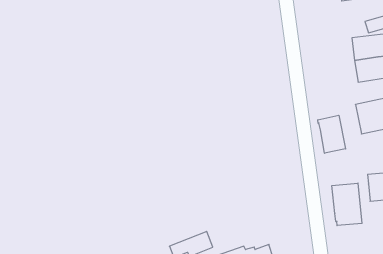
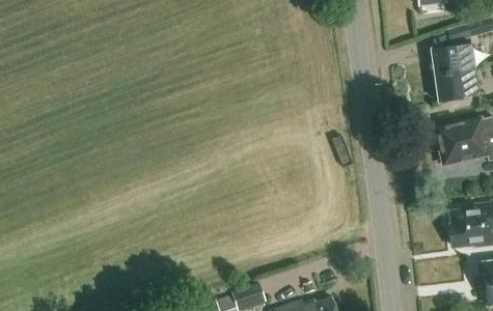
building: [318,115,346,153] -> none
building: [332,183,362,226] -> none

